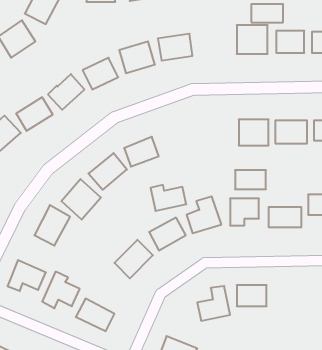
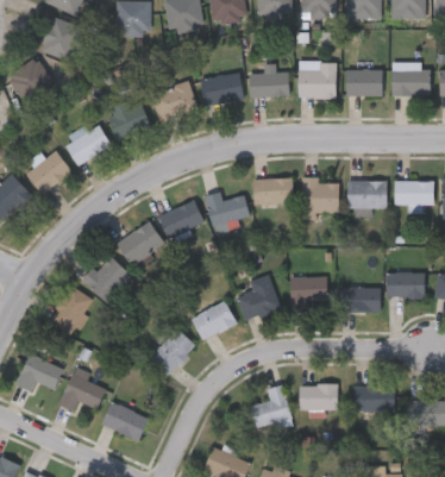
building: [251,4,283,22] -> [251,75,290,98]
building: [235,170,266,189] -> [255,180,293,203]
building: [151,185,186,211] -> [206,193,250,225]
building: none -> [353,385,395,413]

